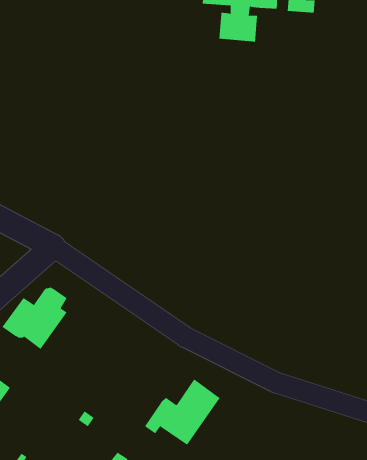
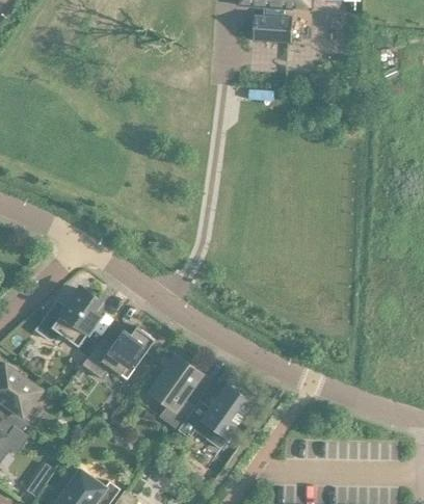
building: none -> [80,326,154,379]
building: none -> [148,353,201,429]

